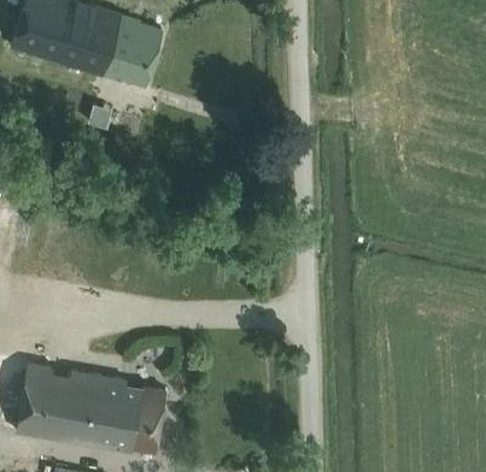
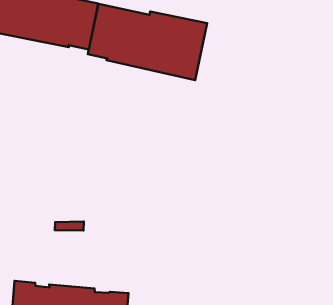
building: none -> [88,4,207,80]

